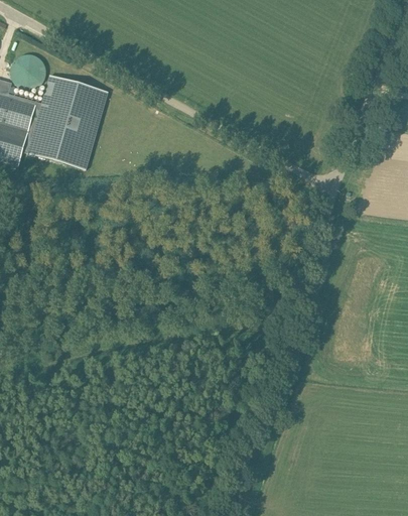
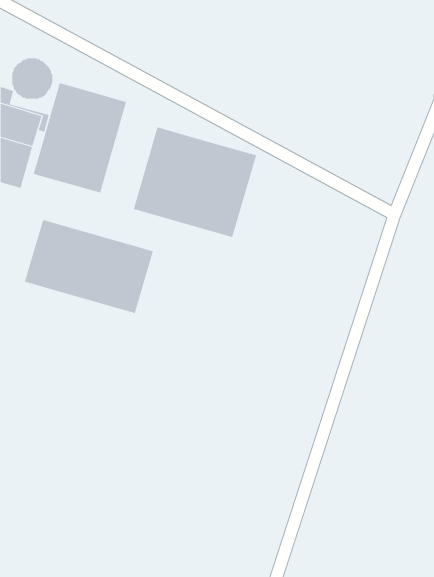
building: none -> [133,127,257,238]
building: none -> [24,219,154,314]

